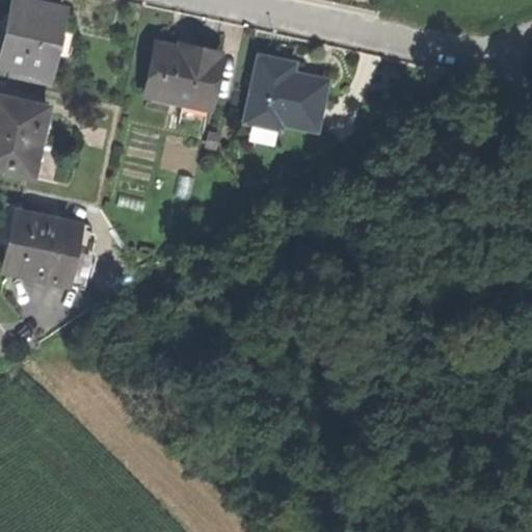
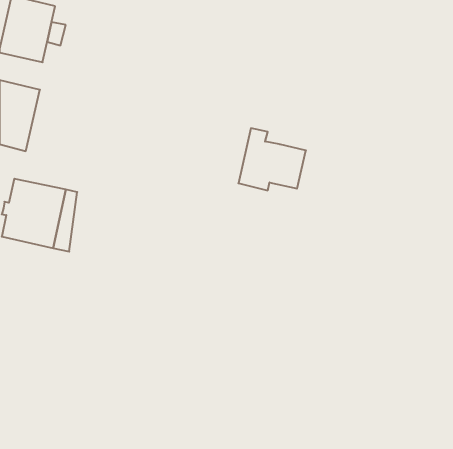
building: [145,44,219,105] -> none
building: [245,56,324,129] -> [238,128,306,190]

